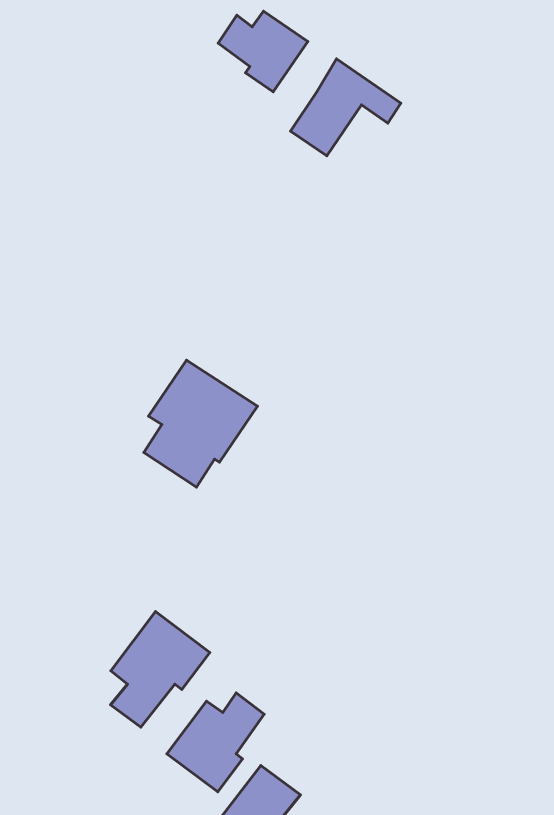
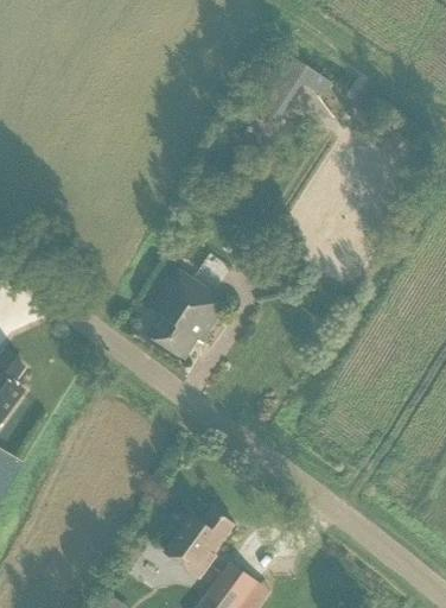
building: [218,11,308,92] -> none
building: [110,611,210,727] -> none

